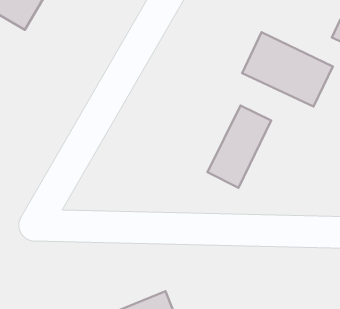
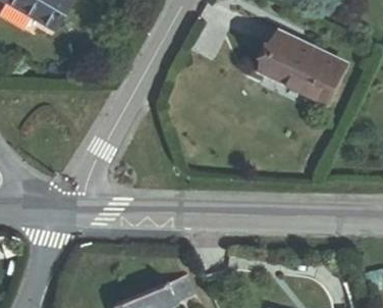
building: [207,106,271,188] -> none

